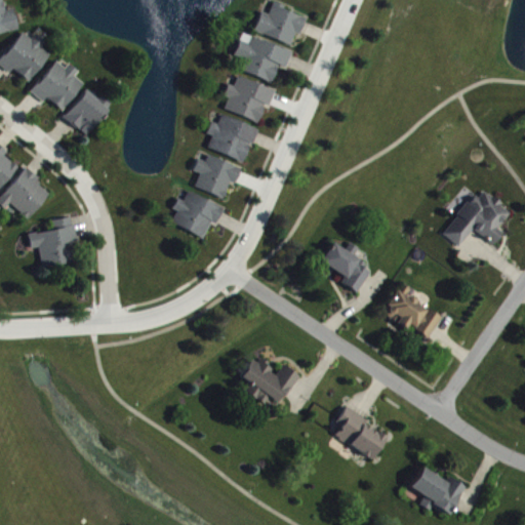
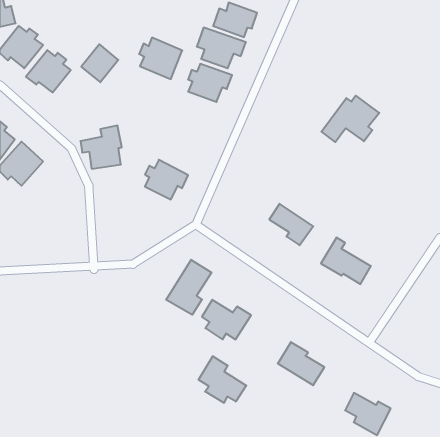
building: [64,90,108,135] -> [81,44,118,82]
building: [206,113,257,162] -> [139,38,182,79]
building: [193,155,241,197] -> none
building: [442,191,511,246] -> [321,96,379,142]
building: [29,215,78,267] -> [80,126,122,169]
building: none -> [166,260,211,315]
building: none -> [199,356,246,403]

